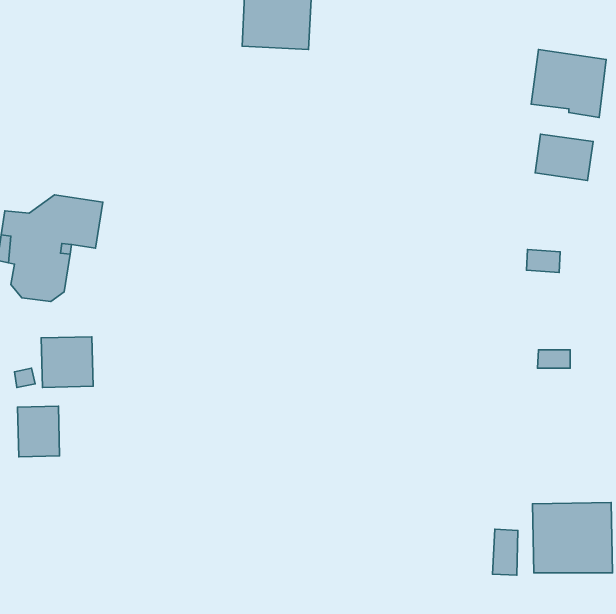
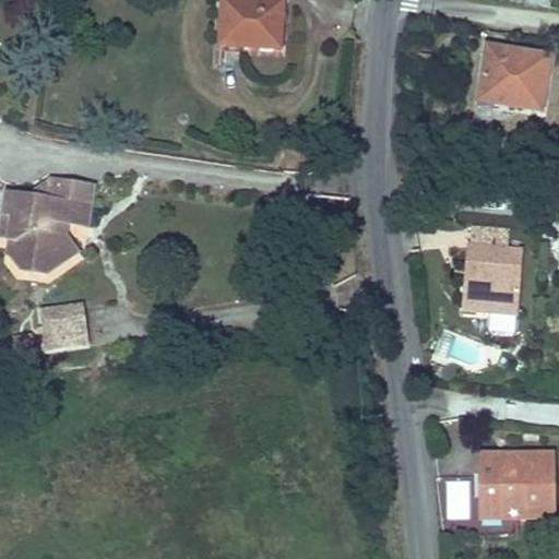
building: [535,134,593,180] -> none
building: none -> [465,246,526,311]
building: [18,406,60,457] -> none

